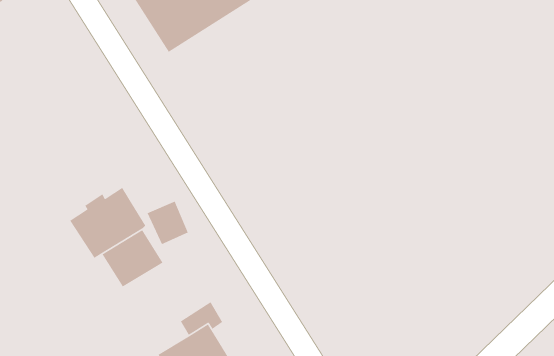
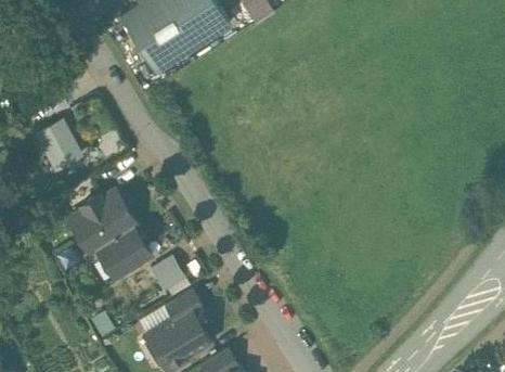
building: none -> [37,124,79,166]
building: [147,200,189,245] -> [151,255,187,294]

